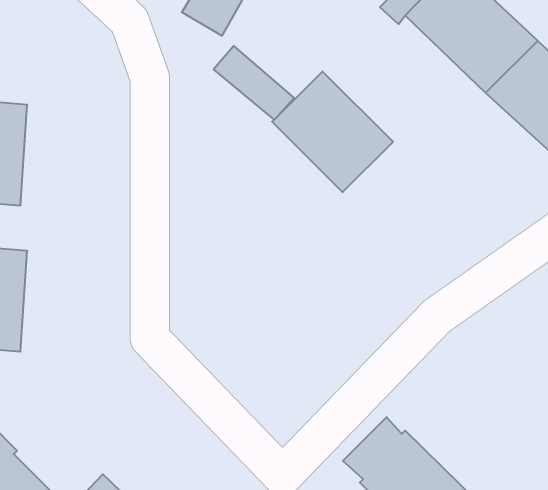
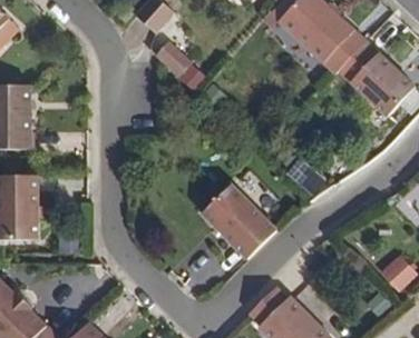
building: [272,71,393,192] -> [198,179,279,259]

